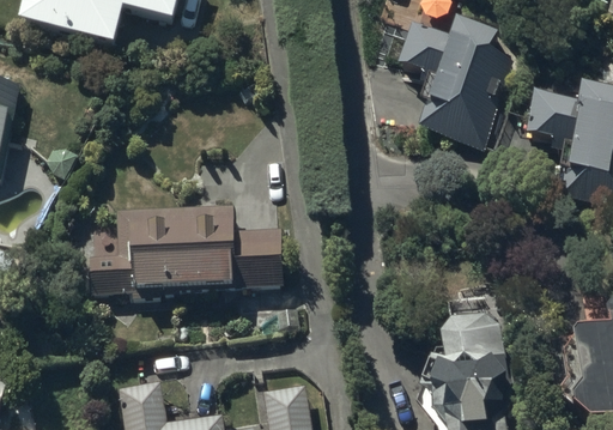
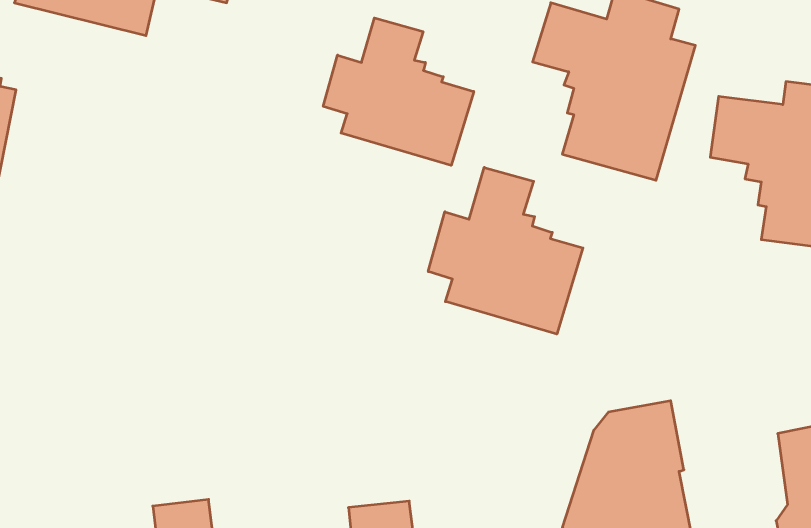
building: none -> [323,18,474,165]
building: none -> [428,167,583,334]
building: [90,206,281,292] -> none

